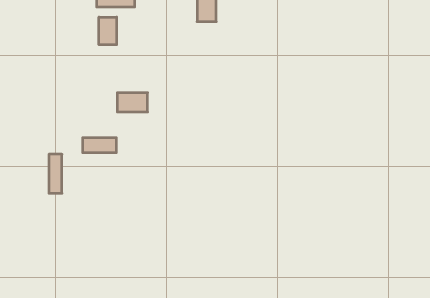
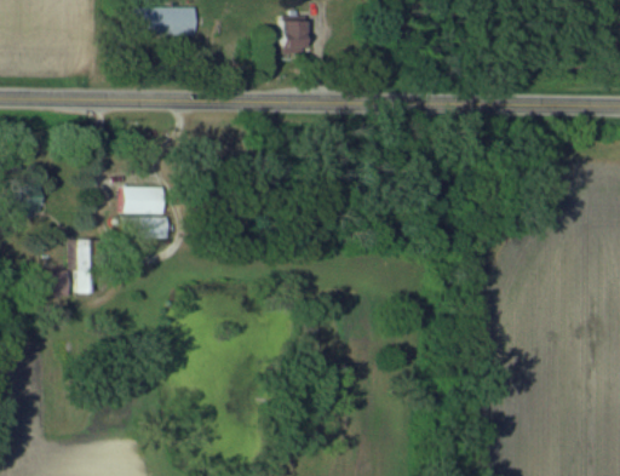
building: [99,17,117,45] -> none
building: [117,93,148,112] -> [122,187,165,213]

